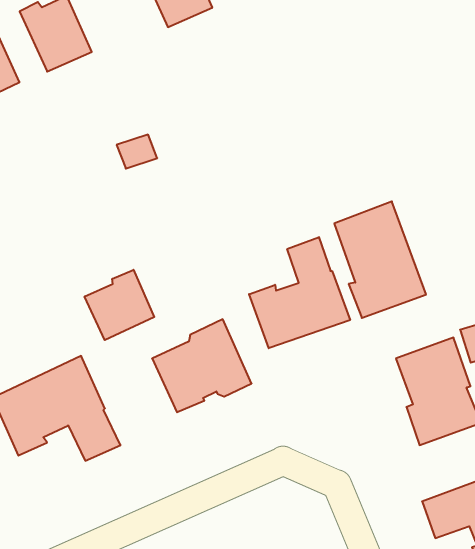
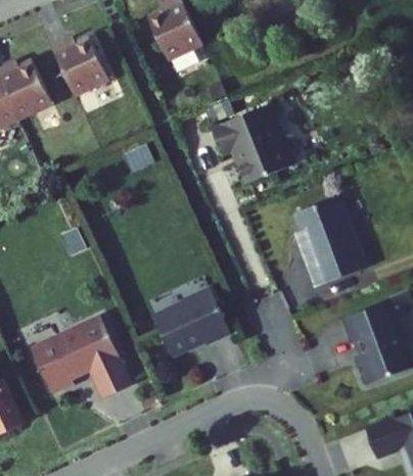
building: none -> [211,106,291,185]
building: [249,237,350,348] -> none
building: [85,270,154,340] -> none

